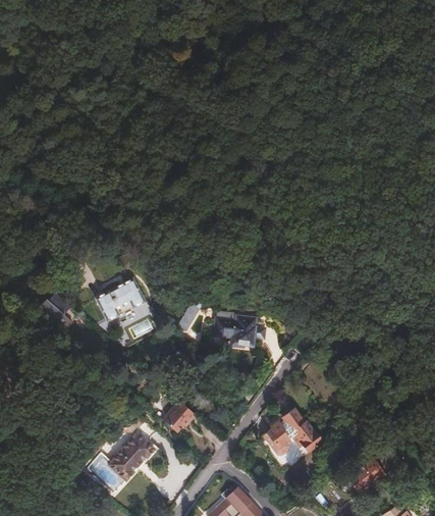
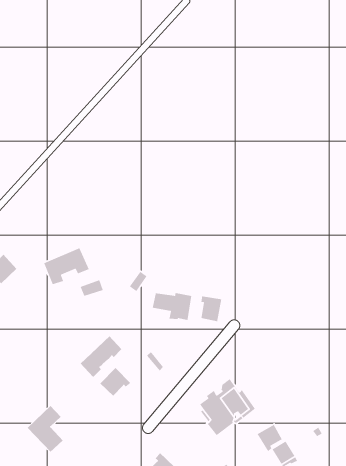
building: none -> [200,295,222,322]
building: [115,435,158,480] -> [80,335,122,377]
building: none -> [256,424,283,452]

